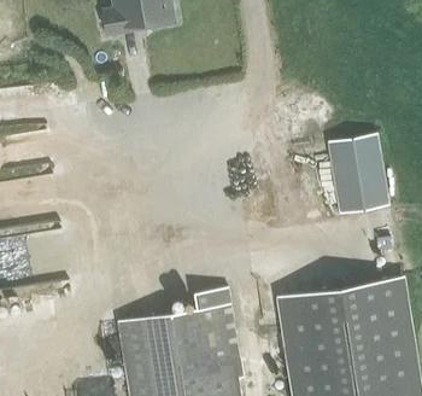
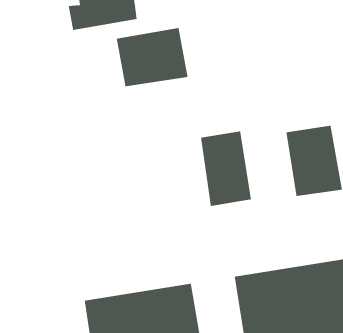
building: none -> [116,27,188,87]
building: none -> [200,130,252,207]

